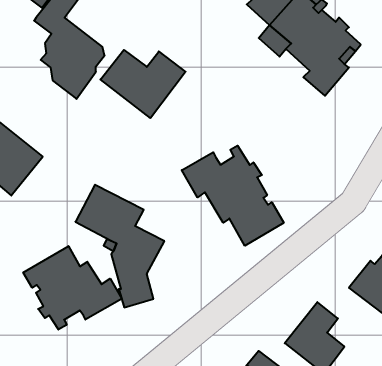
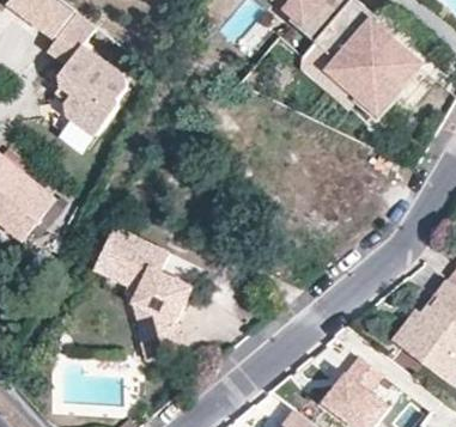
building: [100,50,186,118] -> none
building: [182,146,284,246] -> none
building: [23,246,122,330] -> none

